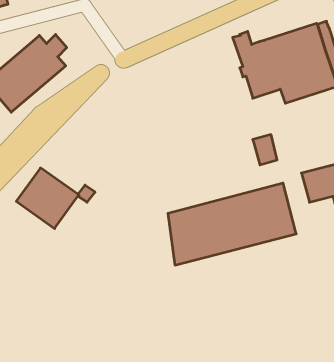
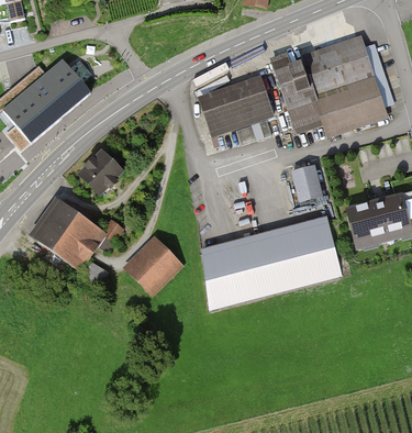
building: none -> [199,79,271,134]
building: none -> [79,152,120,192]
building: none -> [127,241,176,290]

